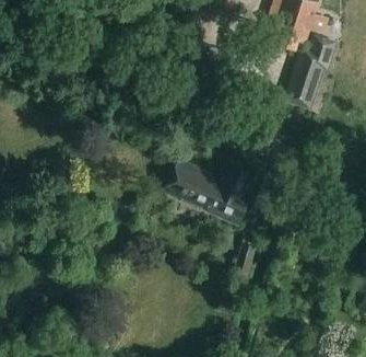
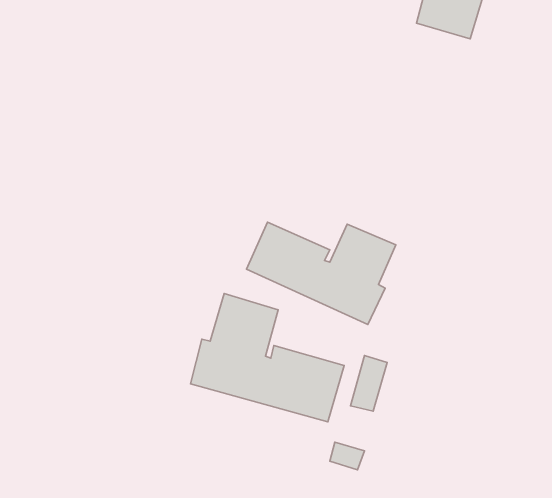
building: [285,34,338,108] -> none
building: none -> [190,294,344,422]

